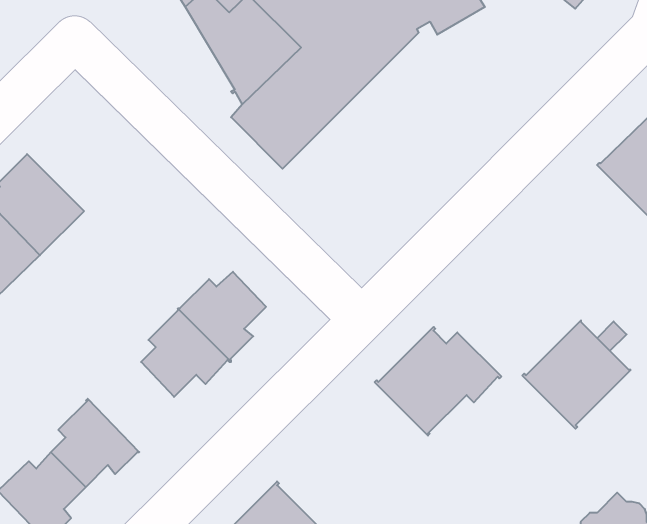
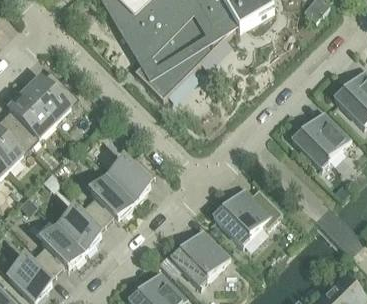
building: none -> [23,69,78,123]
building: [522,320,631,429] -> [291,110,350,169]
building: none -> [56,205,103,254]
building: none -> [170,228,229,287]

